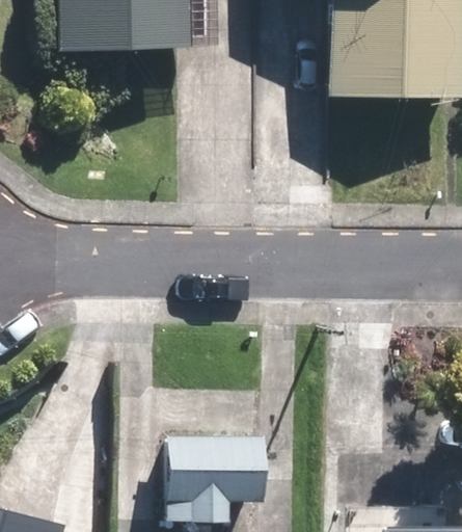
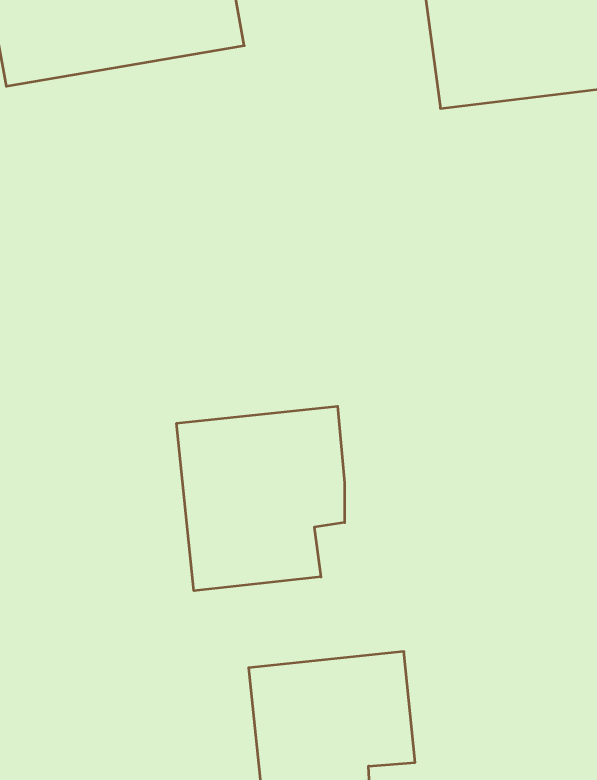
building: none -> [177,406,345,591]

